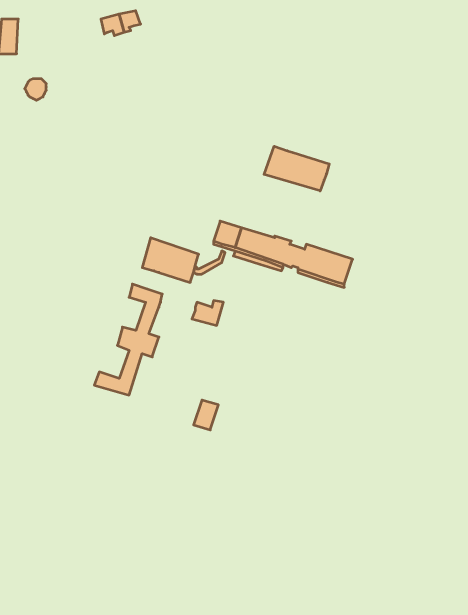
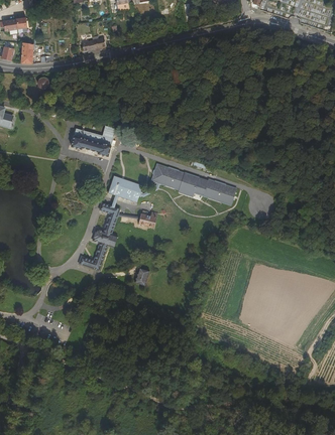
building: [264,146,329,191] -> none
building: none -> [70,125,113,156]

